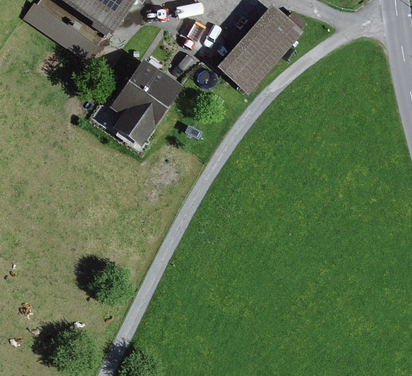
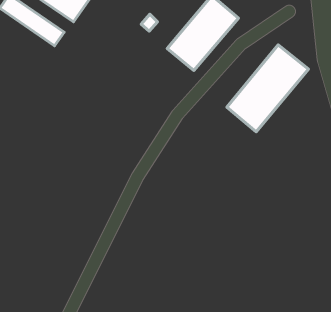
building: [112,59,183,147] -> none
building: none -> [227,45,309,132]

